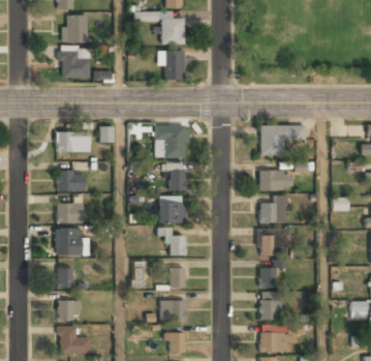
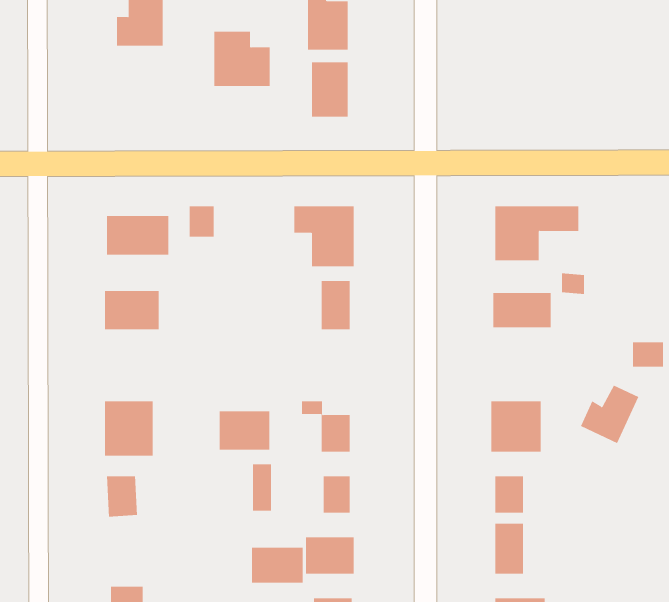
building: [60,49,90,78] -> [213,31,271,86]
building: [258,194,289,225] -> [580,385,639,444]
building: [158,203,185,223] -> [219,411,270,450]
building: [57,204,83,223] -> none
building: [57,300,79,322] -> none
building: none -> [252,547,303,584]

